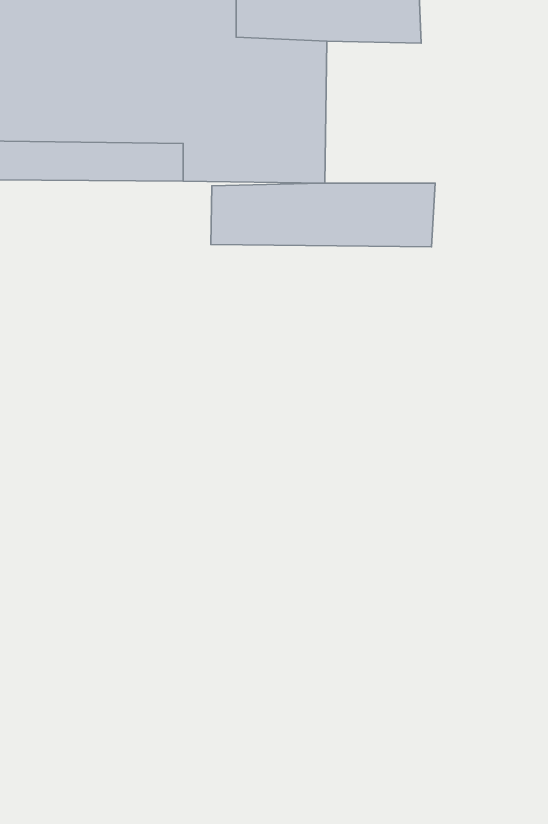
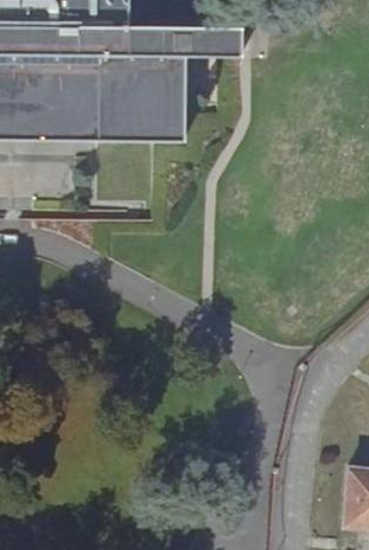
building: [211,183,435,247] -> none

